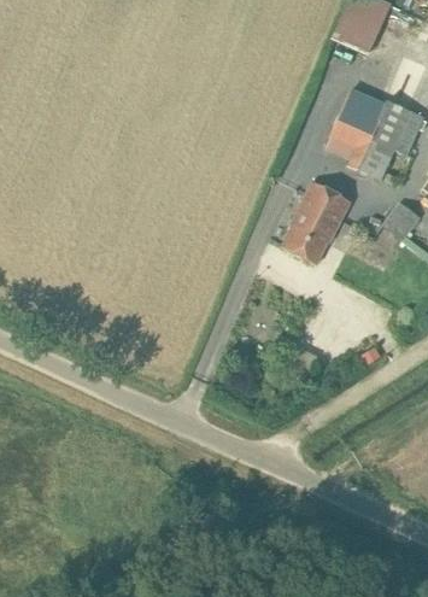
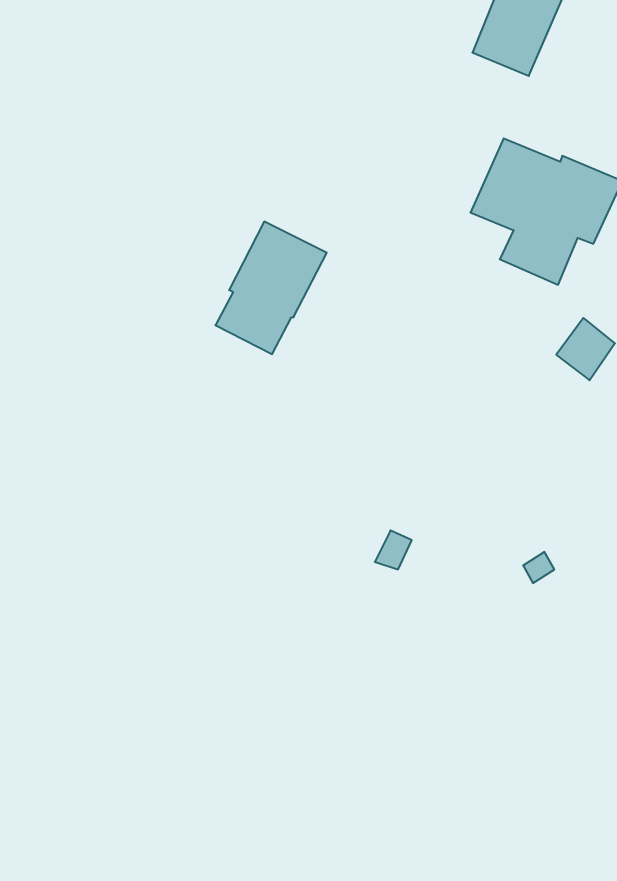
building: [283,182,352,264] -> [215,222,327,354]

